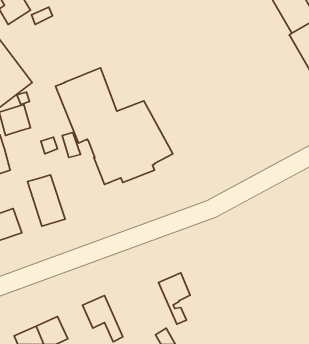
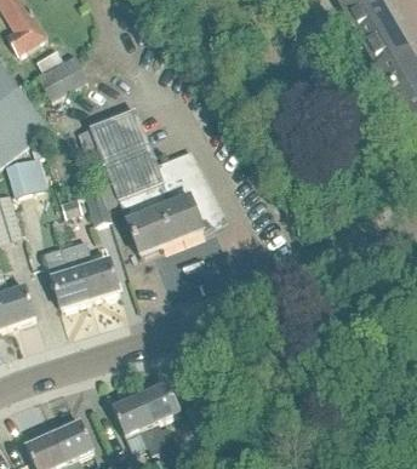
building: none -> [38,55,86,97]
building: none -> [72,238,119,298]
building: [159,273,190,324] -> [139,382,179,446]

